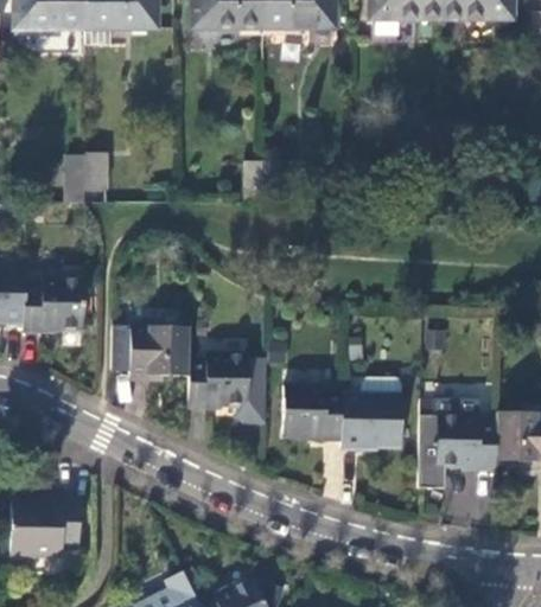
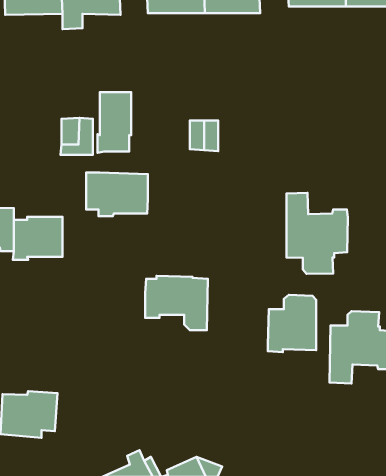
building: none -> [97,92,131,153]
building: none -> [286,193,348,274]
building: [110,326,187,381] -> [86,172,148,216]
building: [281,386,340,441] -> none

